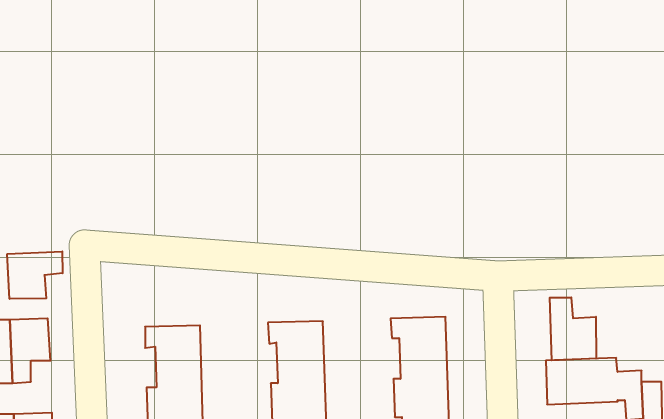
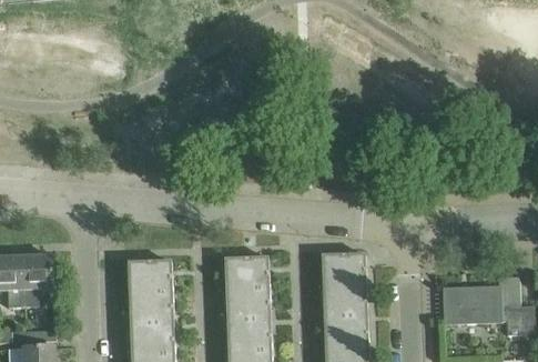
building: [7,251,63,299] -> none
building: [550,297,596,360] -> none

